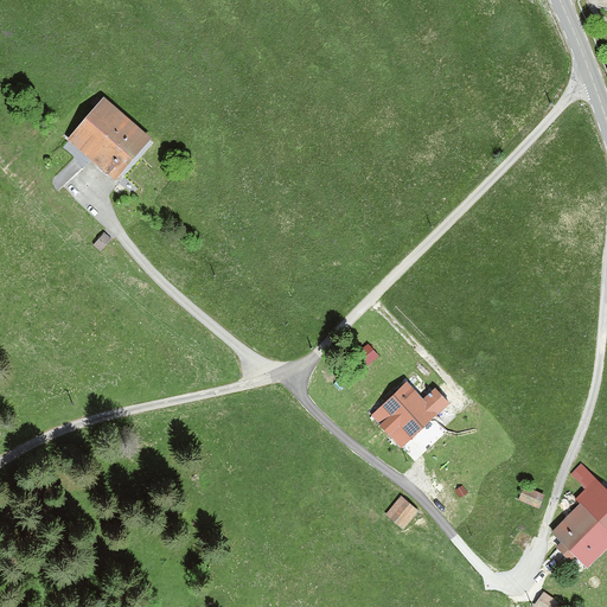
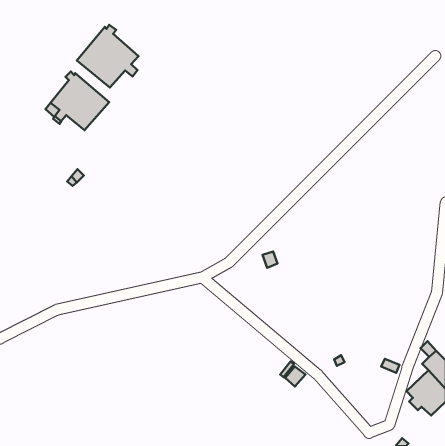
building: none -> [77,25,139,88]
building: [373,383,449,446] -> none

